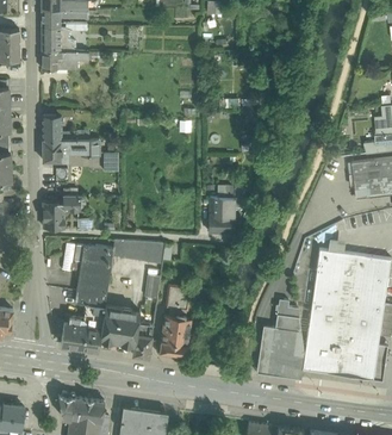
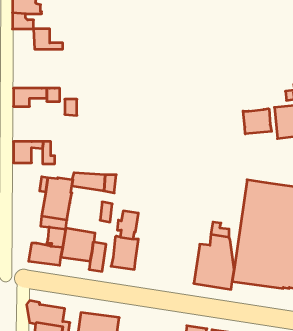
building: [42,117,76,141] -> [34,29,63,49]
building: none -> [243,109,272,134]
building: [209,199,234,234] -> none

